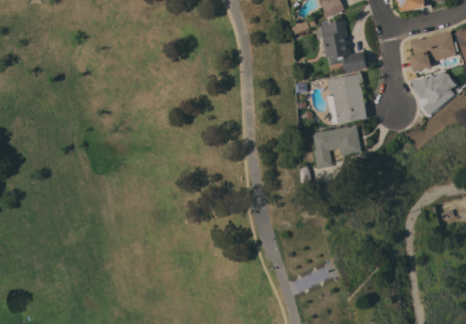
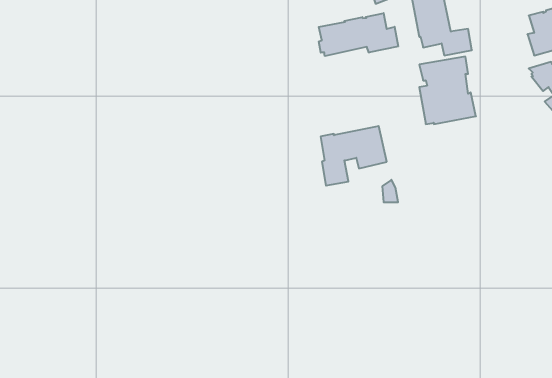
building: none -> [319,13,398,56]
building: [312,124,363,170] -> [321,126,387,186]

